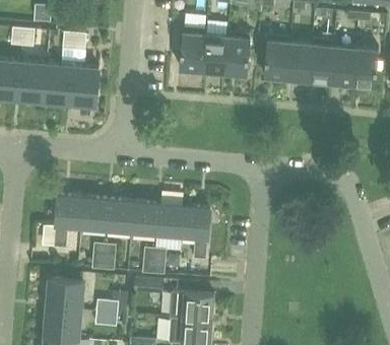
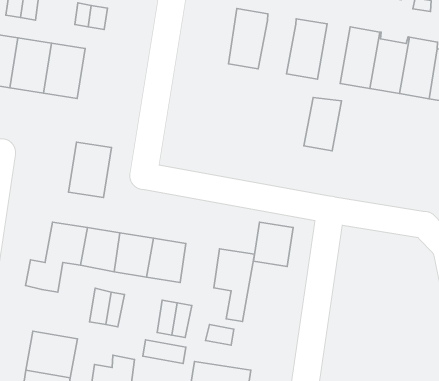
building: [202,34,228,73] -> [304,97,341,151]
building: [69,66,99,106] -> [69,142,112,198]
building: [156,205,184,236] -> [254,222,293,267]

